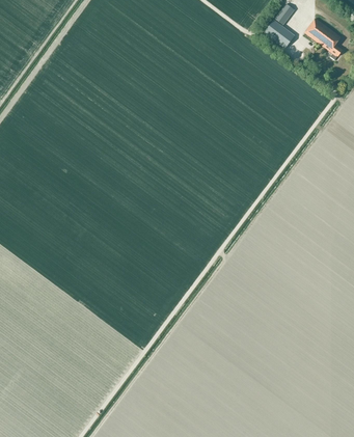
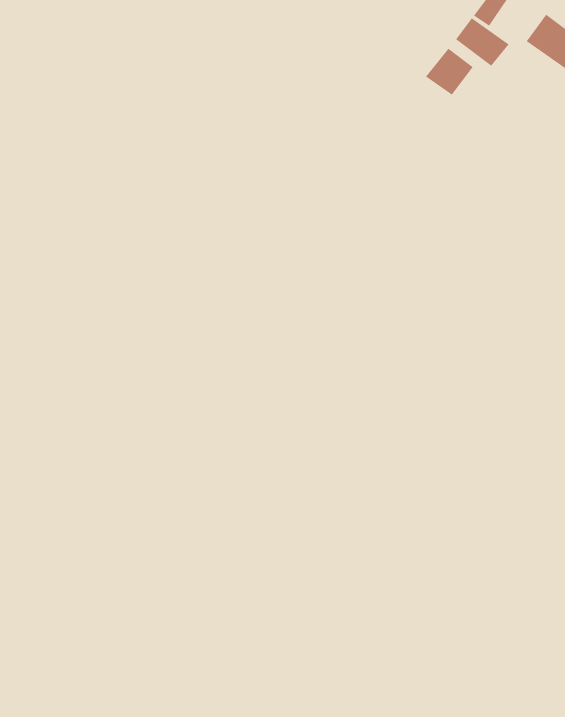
building: none -> [425,48,473,95]

